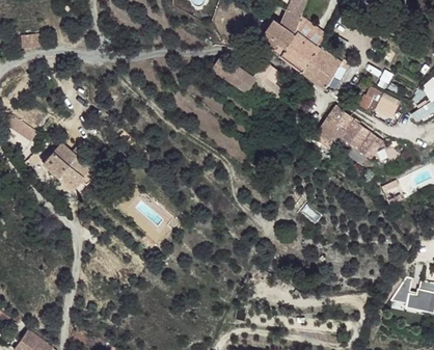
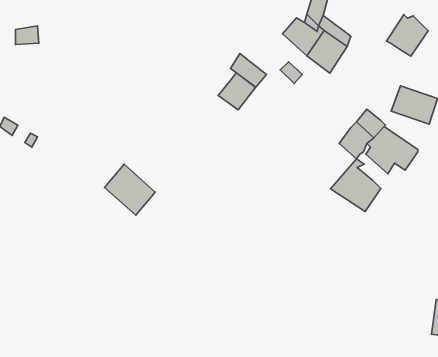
building: [303,50,341,87] -> [387,15,428,56]
building: none -> [218,73,256,110]
building: [45,142,90,188] -> [104,164,155,215]
building: none -> [330,159,381,211]

